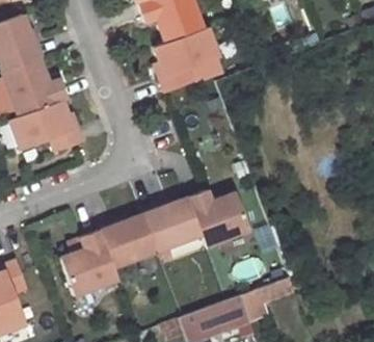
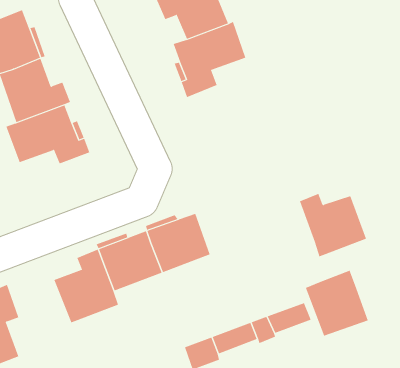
building: [186,189,247,247] -> [299,193,367,257]
building: none -> [305,270,368,336]

